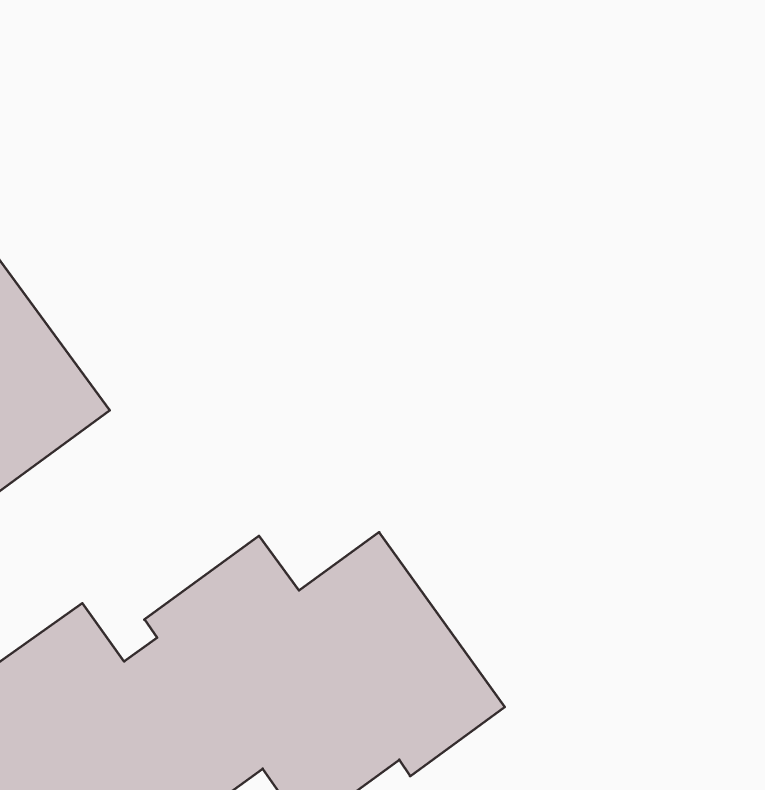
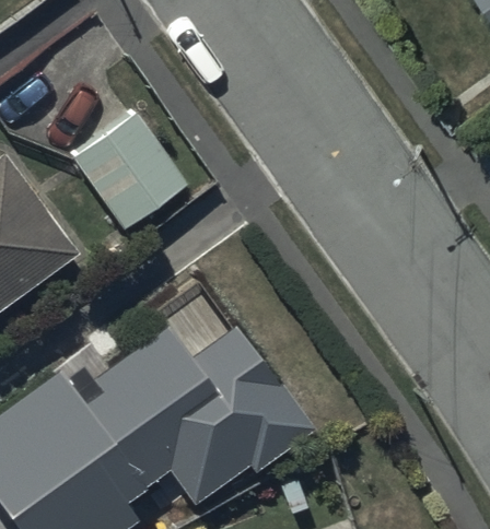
building: none -> [73,114,188,228]

